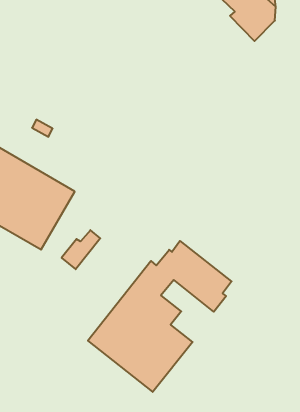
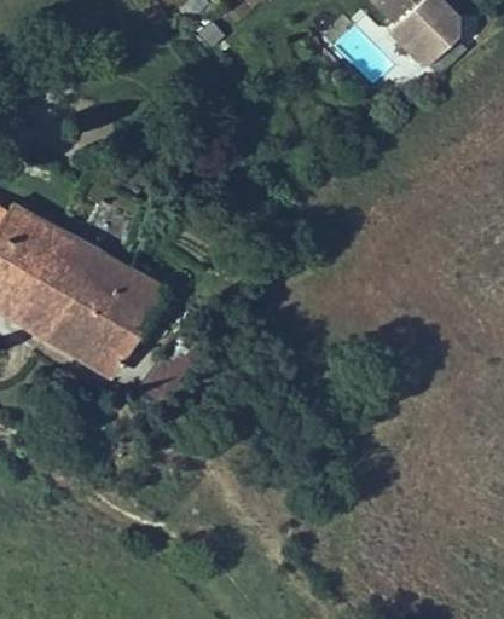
building: [88,241,232,392] -> none

